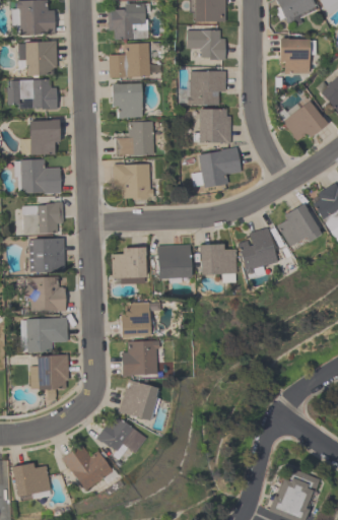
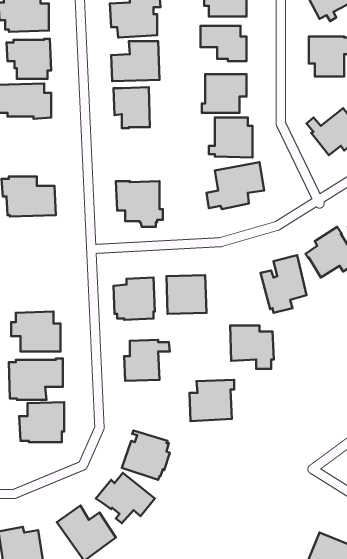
building: [20,119,60,155] -> none
building: [115,121,154,155] -> none
building: [22,202,63,235] -> none
building: [28,238,65,272] -> none
building: [199,244,236,281] -> [230,325,274,369]
building: [121,340,159,376] -> [189,380,234,421]

